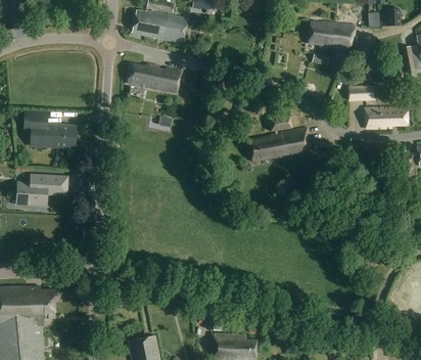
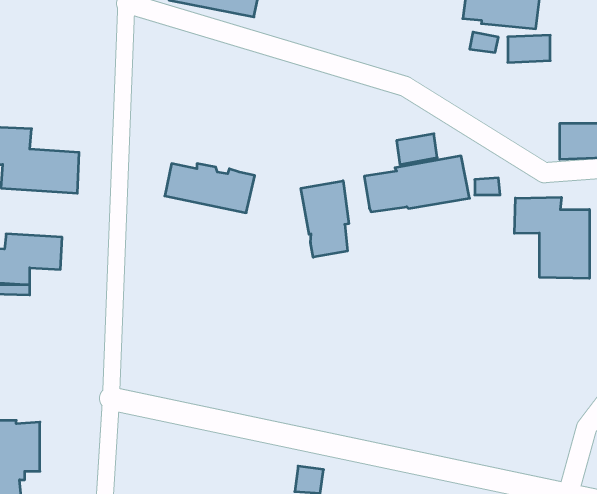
building: [128,62,182,92] -> [165,164,255,213]
building: [348,84,374,100] -> [508,35,550,62]
building: none -> [301,181,349,257]
building: none -> [514,197,589,278]

